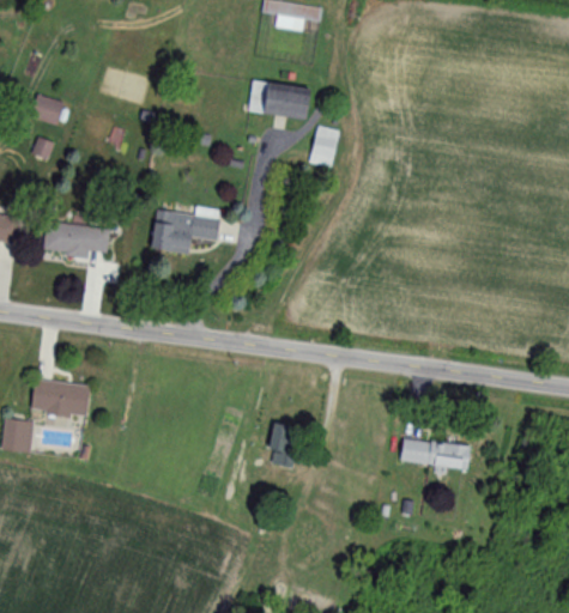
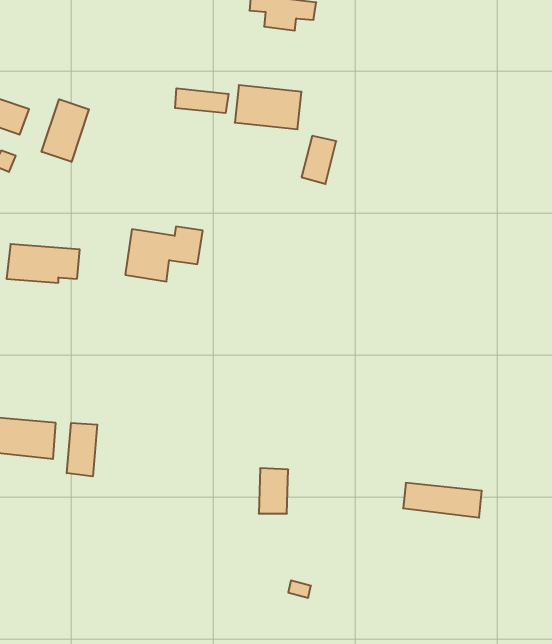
building: none -> [175,88,228,113]
building: none -> [42,99,89,162]
building: none -> [67,423,97,476]

